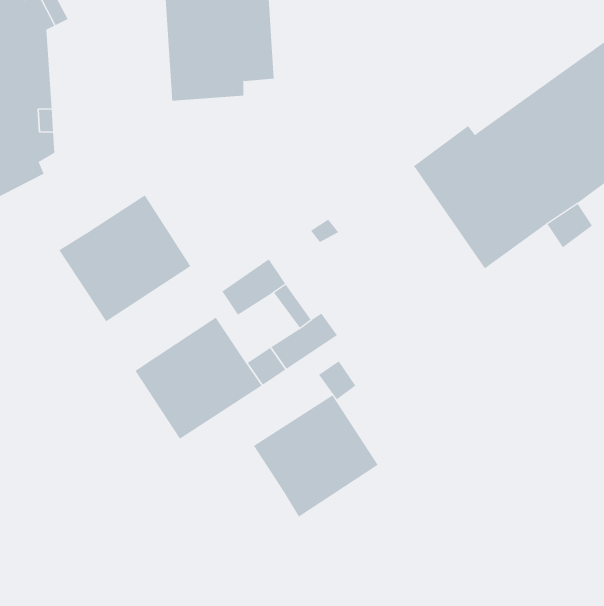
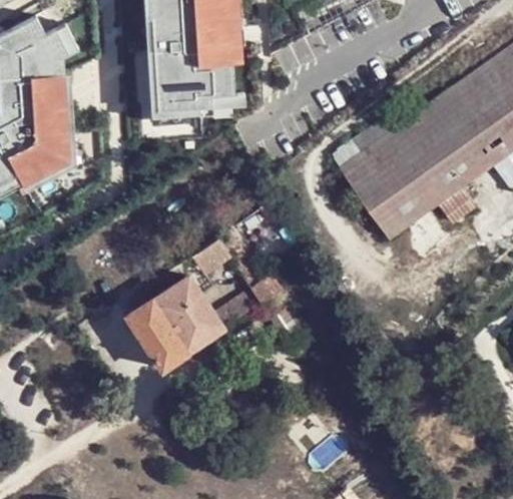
building: [58,194,191,322] -> none
building: [253,394,379,517] -> none

